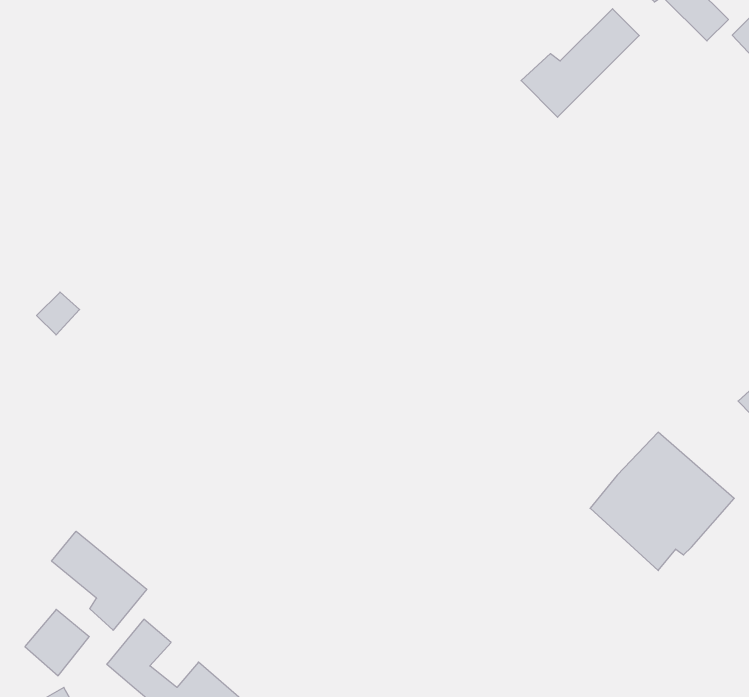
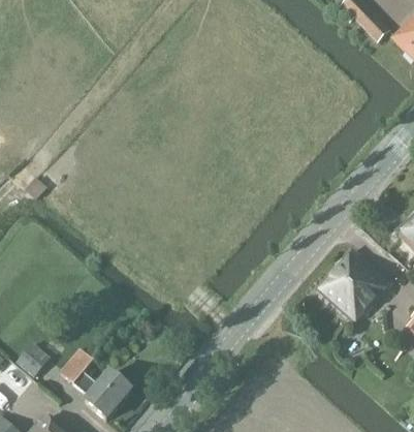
building: [521,9,639,117] -> none
building: [52,531,147,630] -> none

